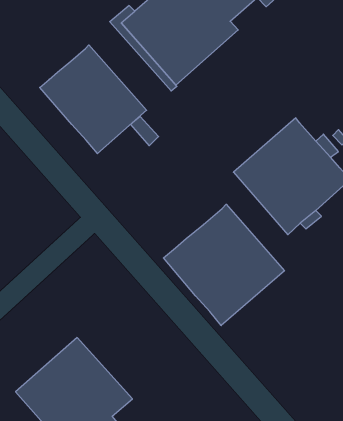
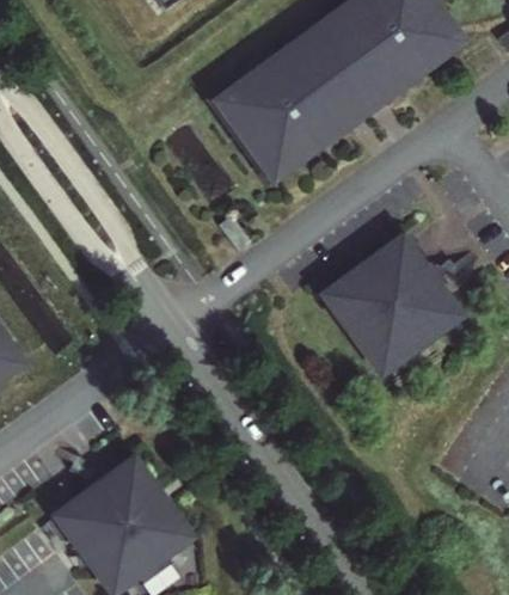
building: [40,45,147,154] -> none
building: [163,204,284,326] -> none

